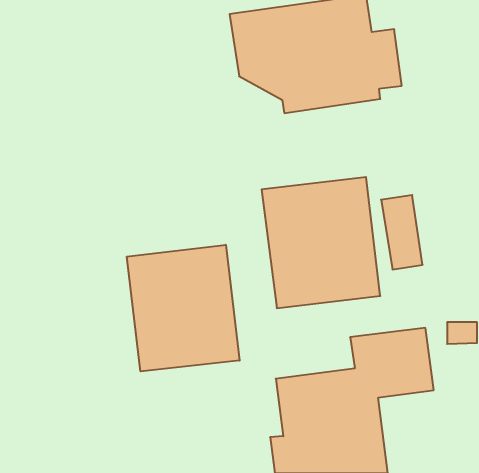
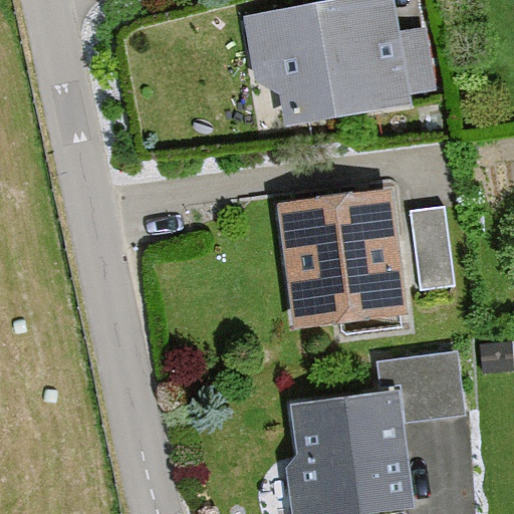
building: [127,245,240,371] -> none

